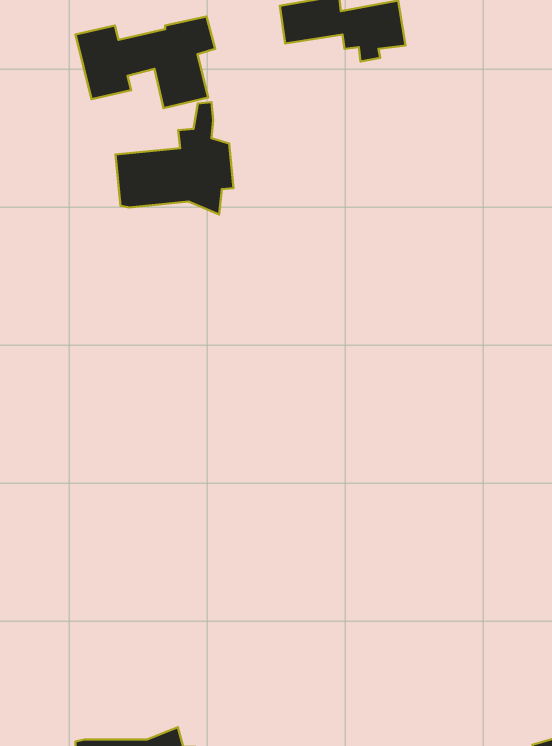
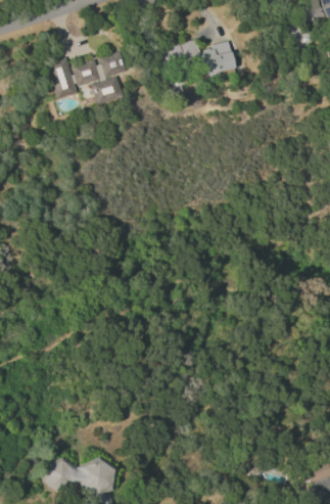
building: [116,102,234,214] -> none

